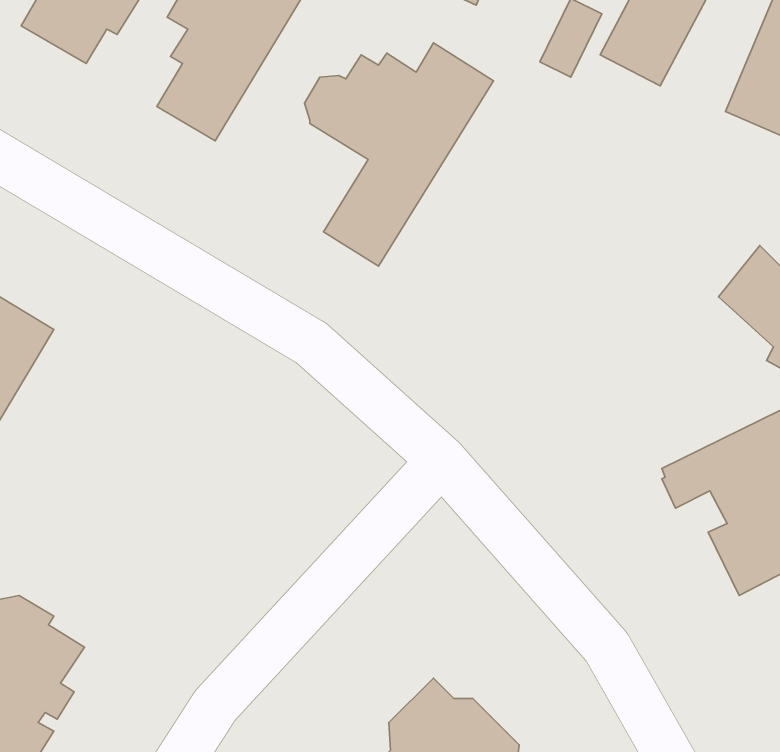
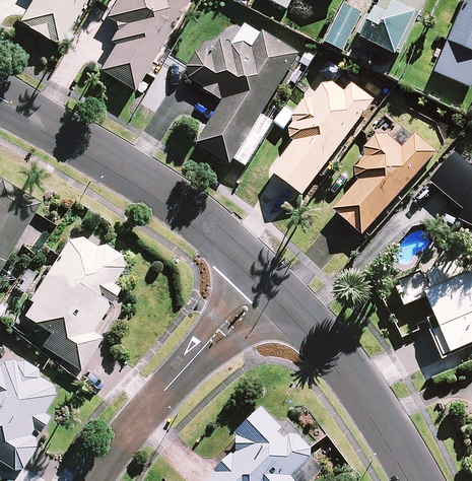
building: none -> [271,82,373,194]
building: none -> [334,132,434,233]
building: none -> [24,229,124,367]

